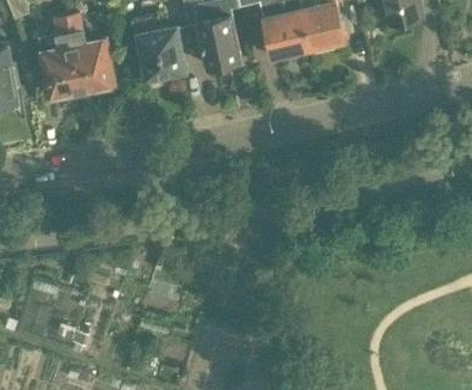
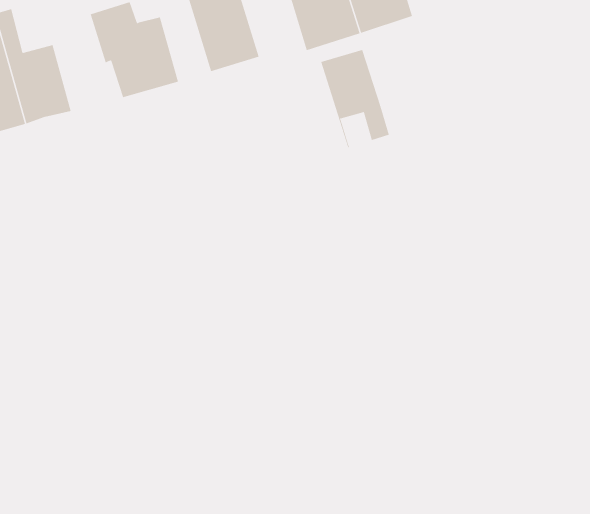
building: none -> [320,49,390,149]

